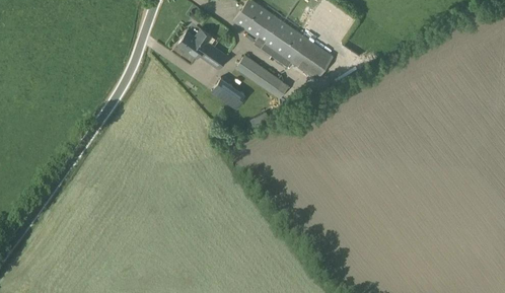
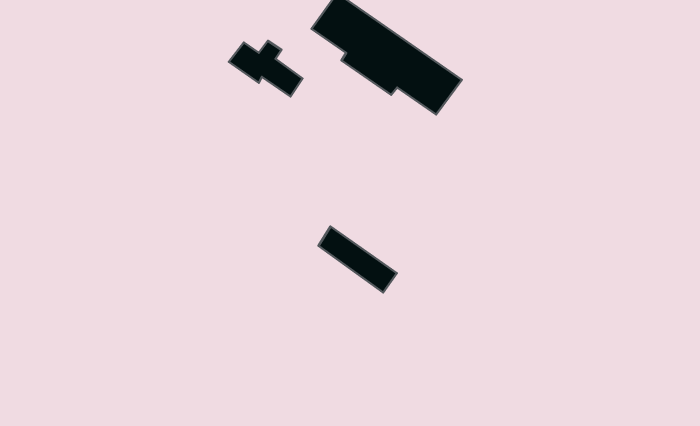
building: [236,55,289,99] -> [319,226,397,293]
building: [212,78,244,107] -> none

